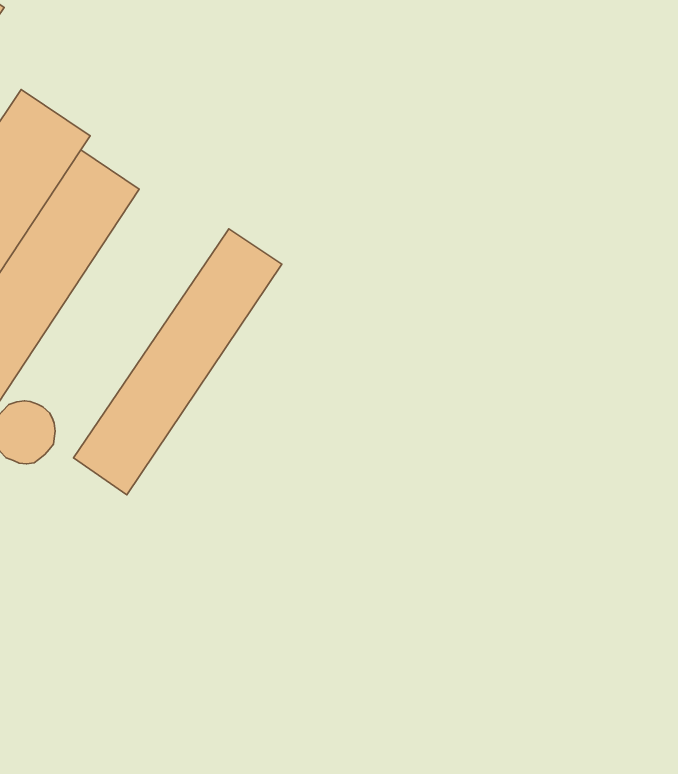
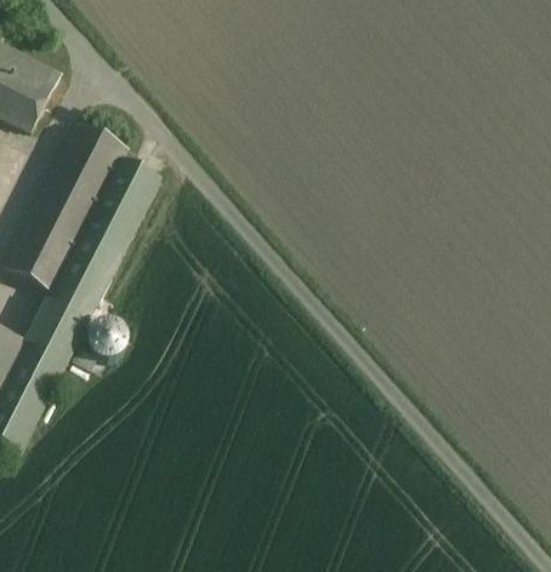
building: [73,229,282,495] -> none

